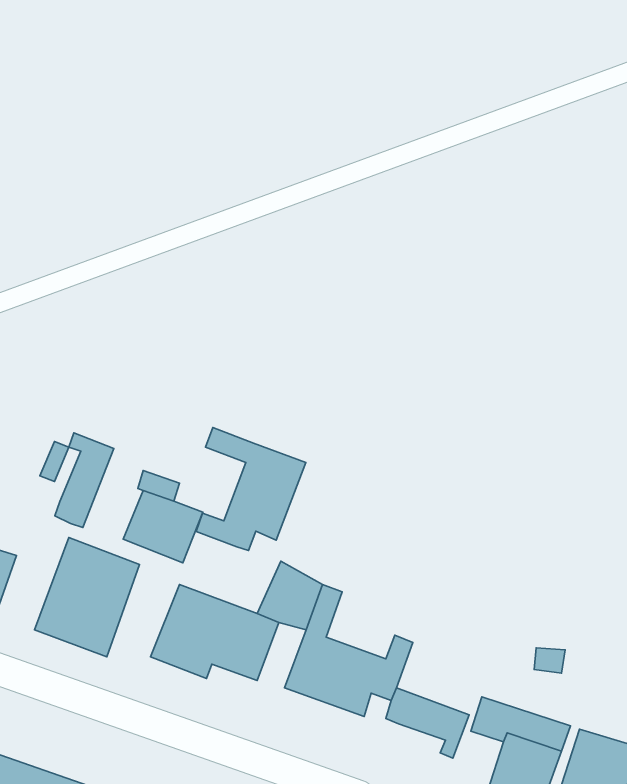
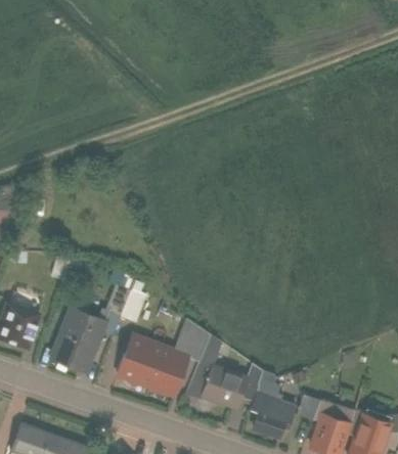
building: [196,428,306,551] -> none
building: [55,433,114,527] -> none
building: none -> [251,412,283,440]

